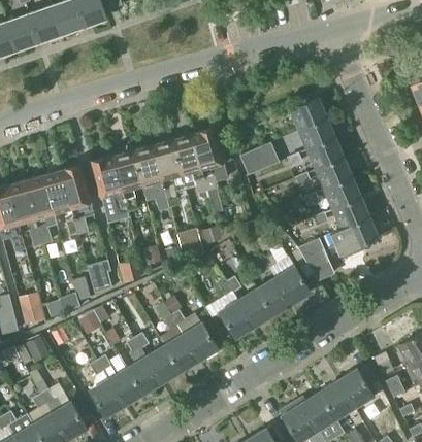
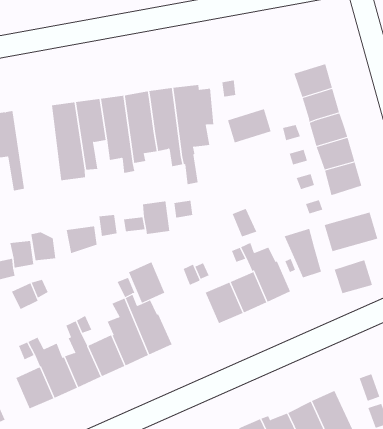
building: [61,165,92,233] -> none
building: [333,197,367,228] -> [334,259,373,294]
building: [220,301,253,337] -> [128,261,165,304]

